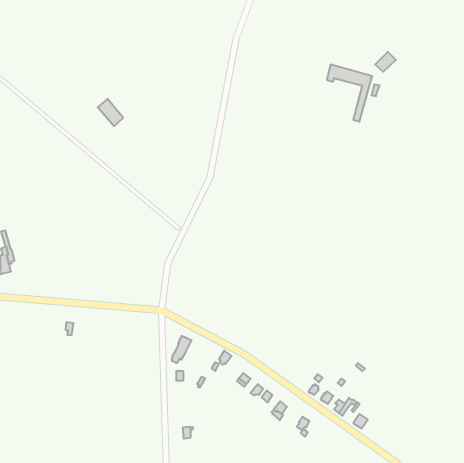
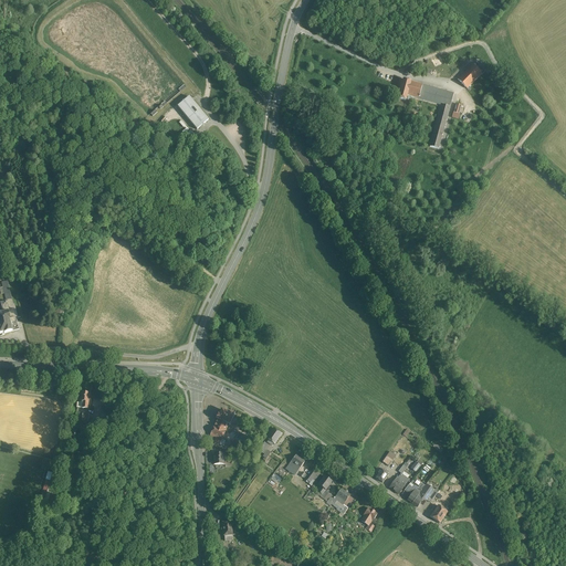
building: [98,99,123,126] -> [177,96,208,129]

